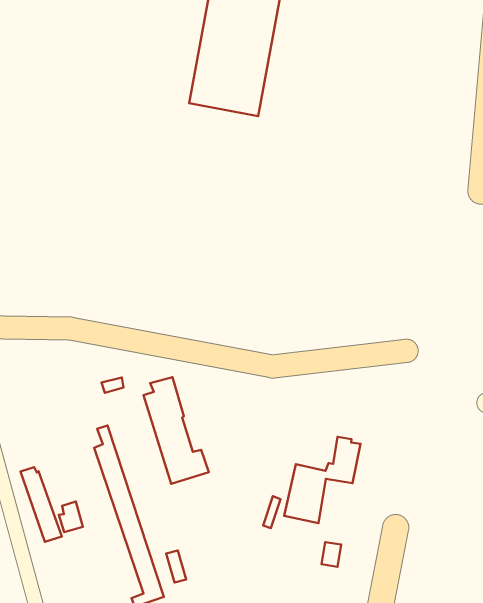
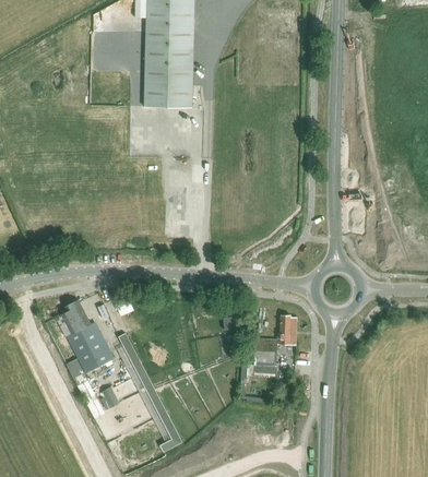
building: [144,377,209,484] -> [61,298,114,370]

